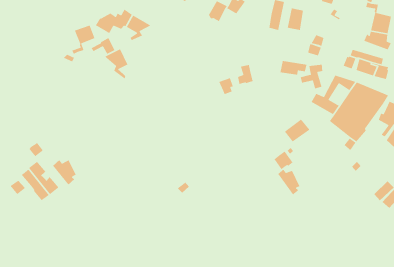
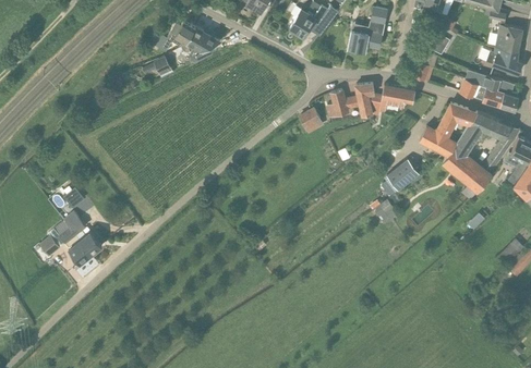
building: [287,8,304,31] -> [348,23,370,52]
building: [71,24,95,55] -> none
building: [104,48,128,80] -> none
building: [300,64,323,90] -> [345,84,374,116]
building: [52,159,77,185] -> none
building: [277,169,301,195] -> none

